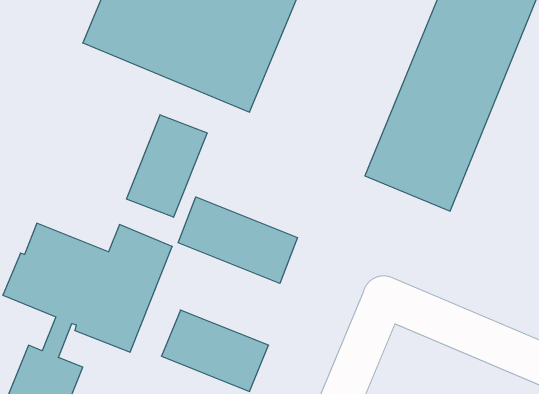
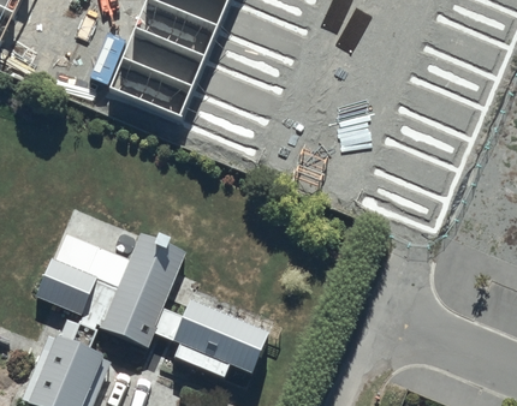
building: [126,115,207,217] -> none
building: [178,197,298,283] -> none

